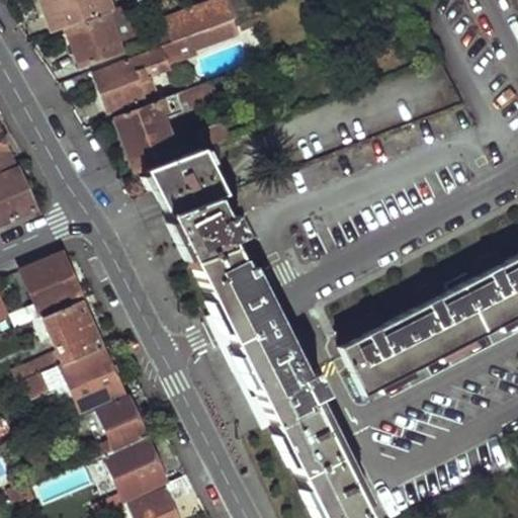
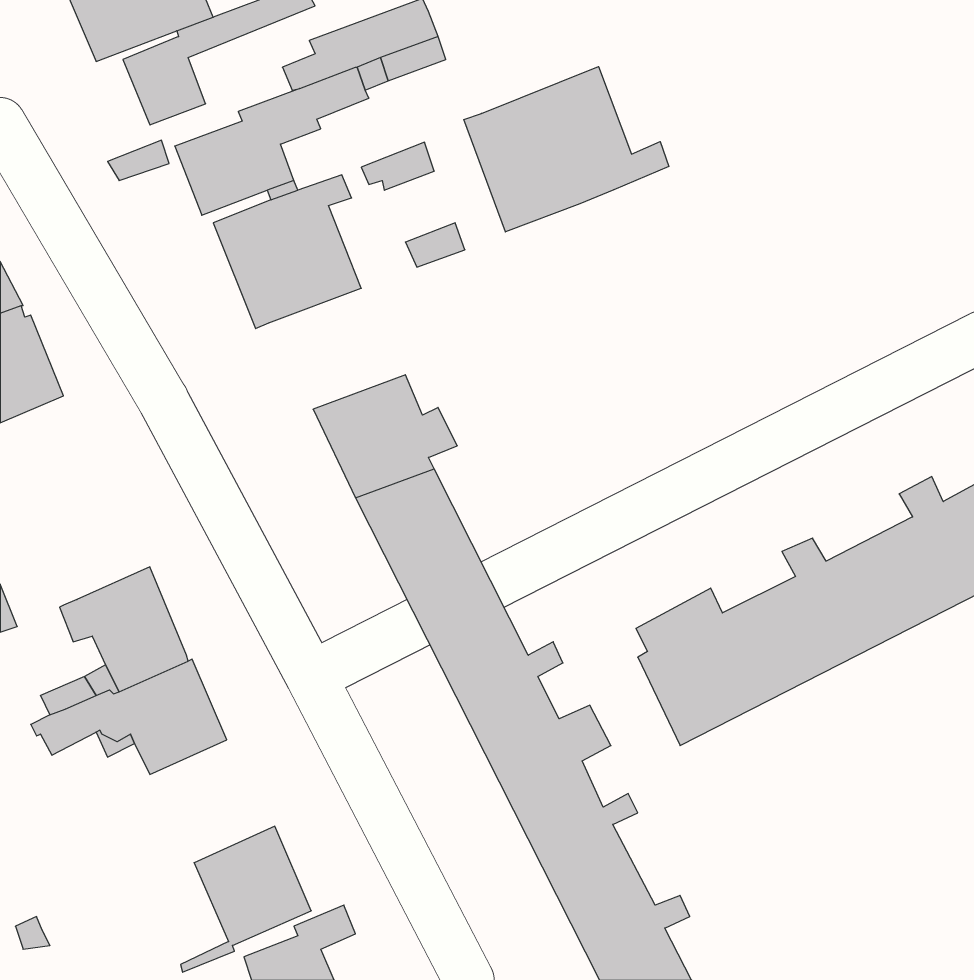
building: none -> [464,67,669,232]
building: [146,144,235,215] -> none
building: [24,252,83,319] -> none
building: [85,393,149,454] -> none

